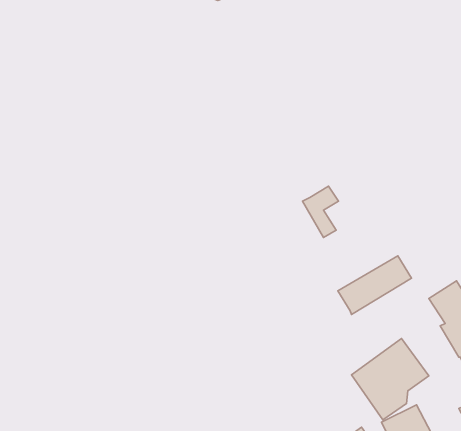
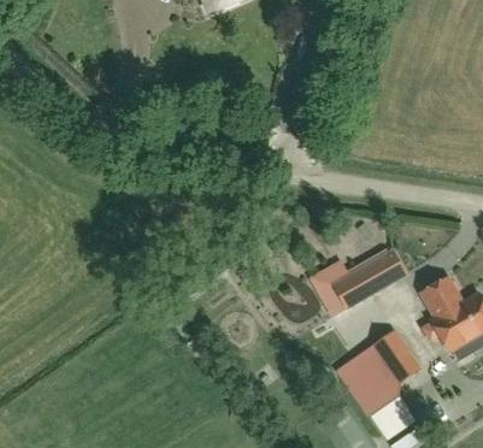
building: [302,186,339,238] -> [310,261,344,311]

